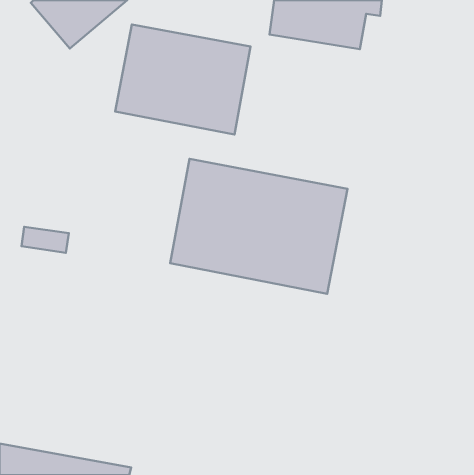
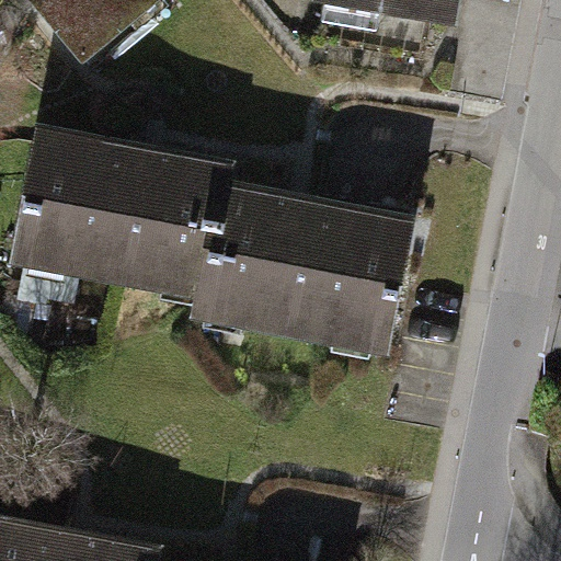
building: [115,25,251,134] -> none
building: none -> [15,131,228,310]

